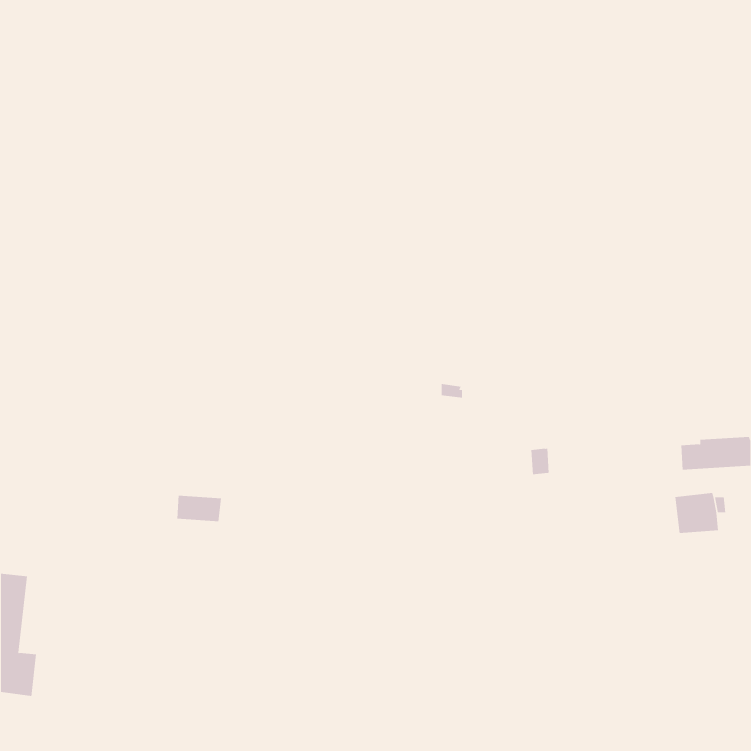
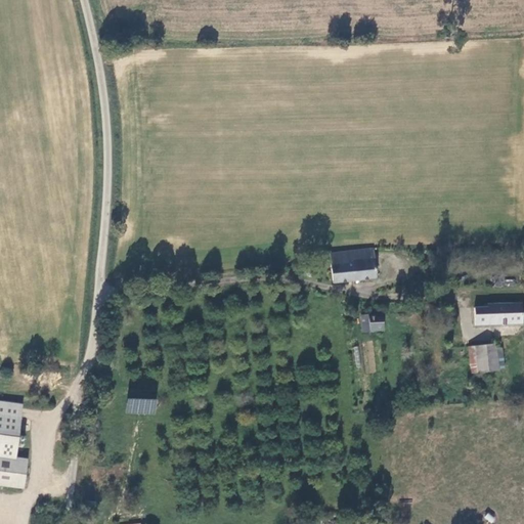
building: none -> [331,250,376,282]
building: [176,495,222,522] -> [126,397,158,416]

